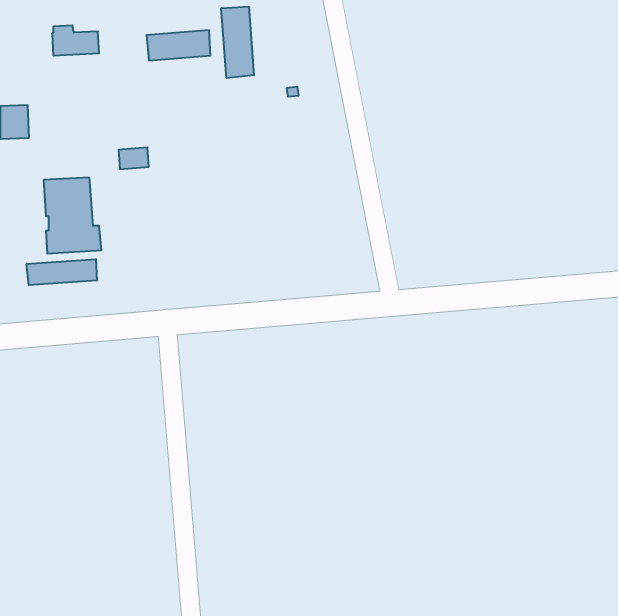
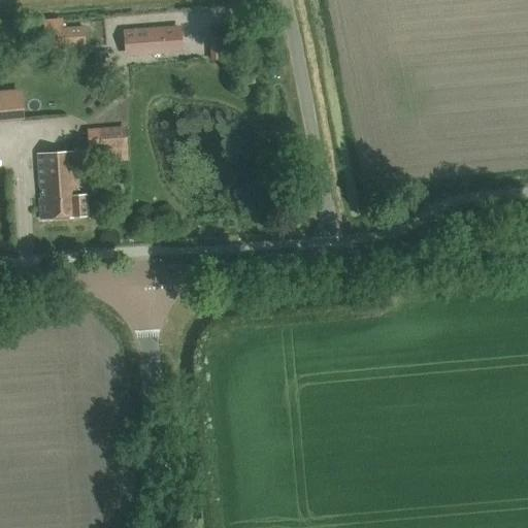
building: [221,7,254,78] -> none
building: [27,259,97,285] -> none

